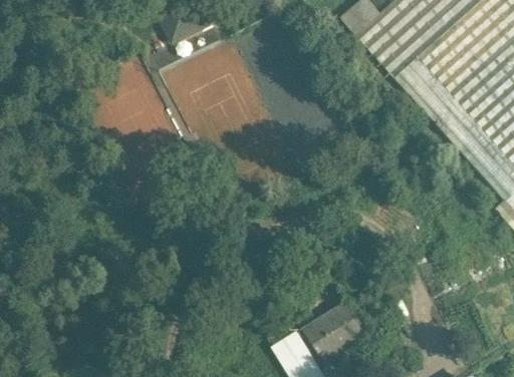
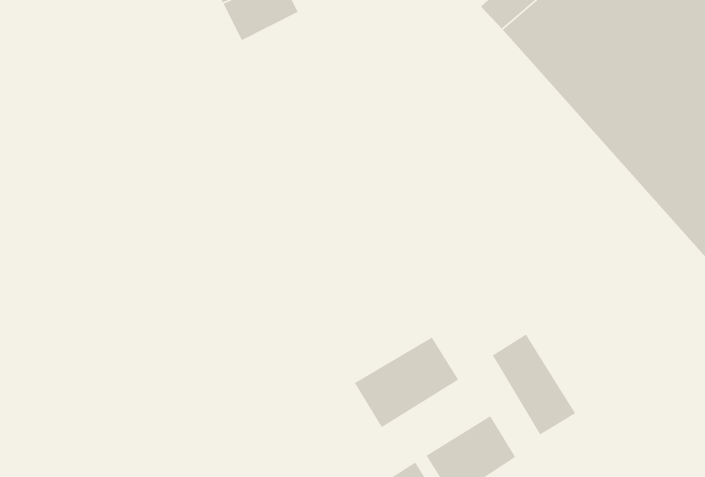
building: none -> [492,333,576,435]
building: none -> [354,336,459,428]

